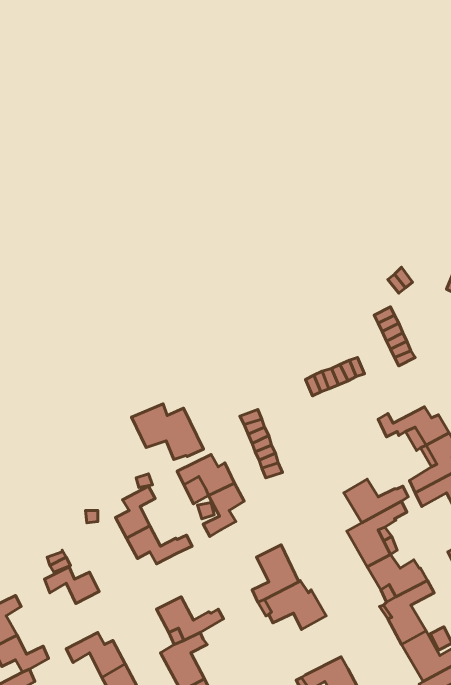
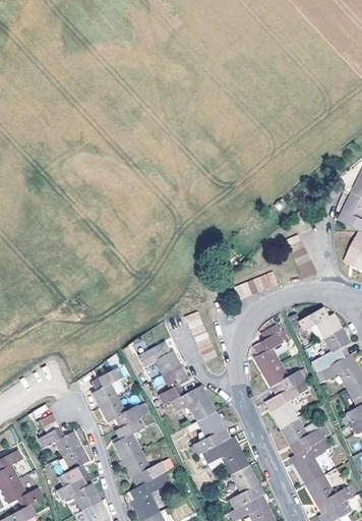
building: [131,404,204,460] -> none
building: none -> [254,325,289,372]
building: none -> [171,385,216,420]
building: none -> [115,417,143,459]
building: none -> [59,446,88,484]
building: none -> [230,464,263,508]

